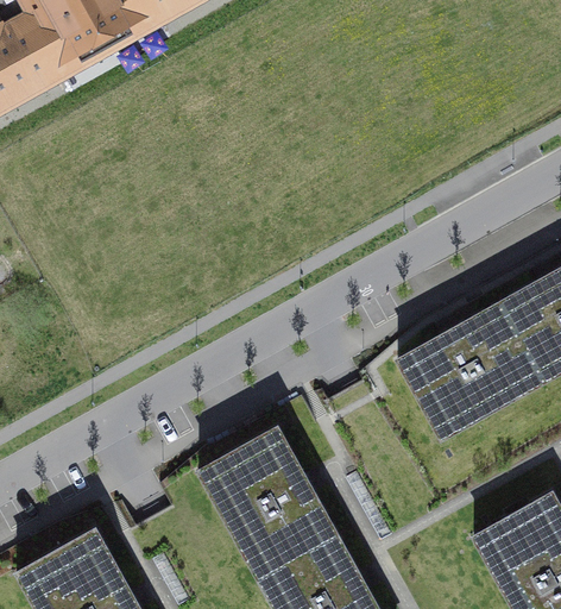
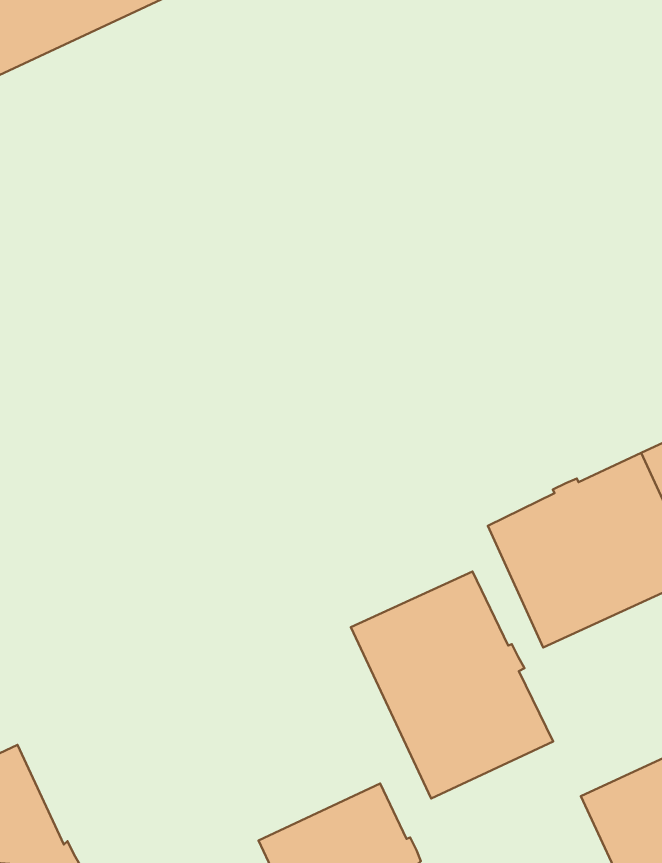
building: [198,427,339,580] -> [351,572,553,799]

